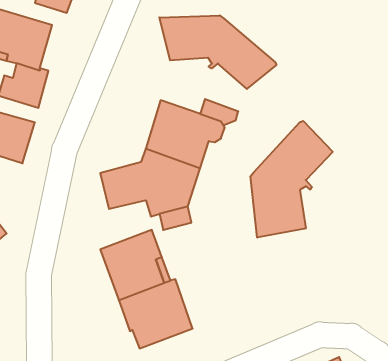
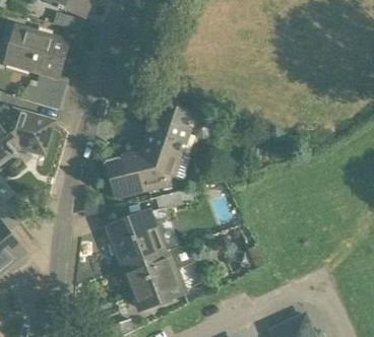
building: [159,15,276,89] -> none
building: [251,121,333,238] -> none

